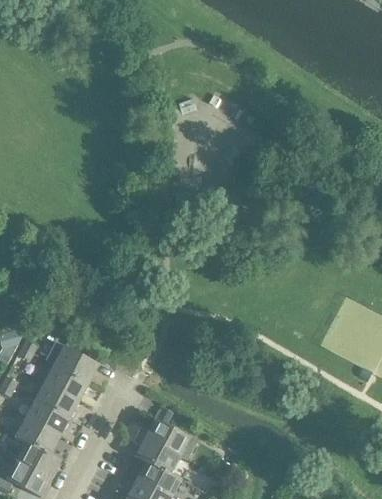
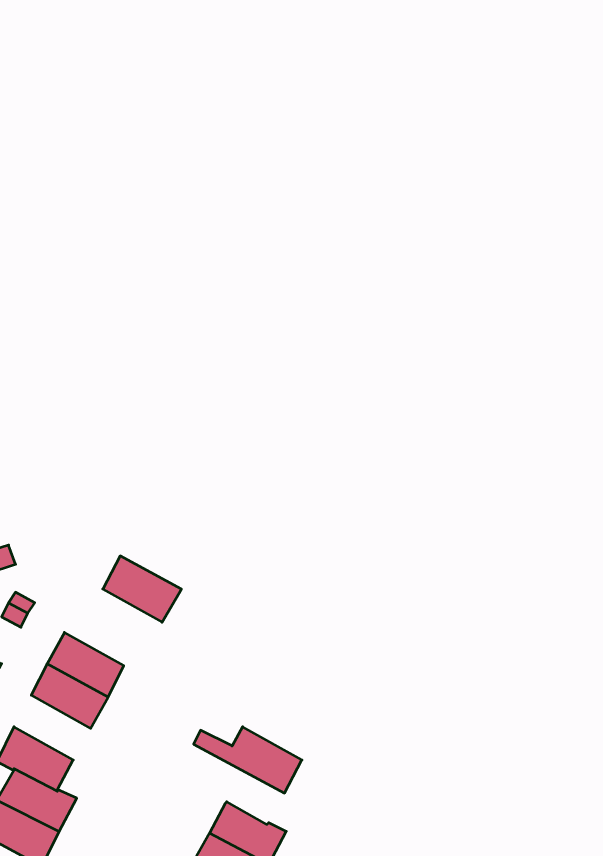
building: [53,344,98,382] -> [103,556,181,622]
building: [24,399,68,436] -> none
building: [122,427,179,473] -> none

